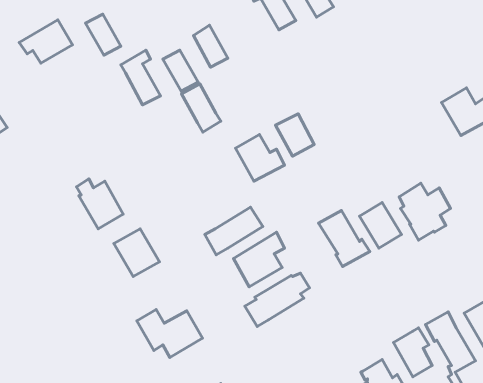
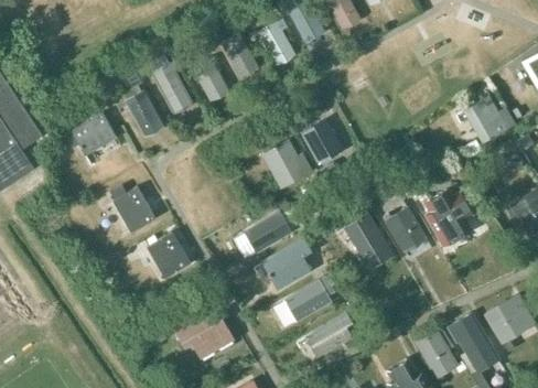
building: none -> [260,22,293,63]
building: [86,14,121,55] -> [128,96,162,136]
building: [19,20,73,63] -> [65,114,117,155]
building: [181,84,221,132] -> none
building: none -> [305,312,353,356]

